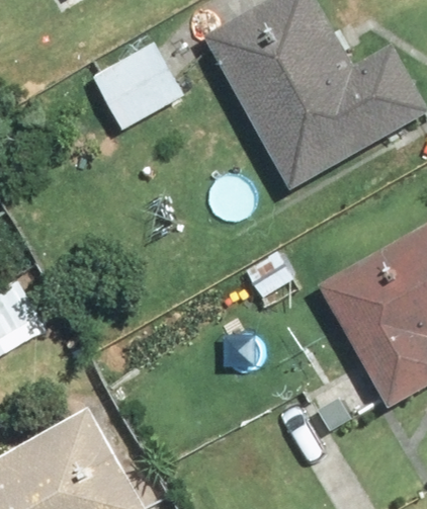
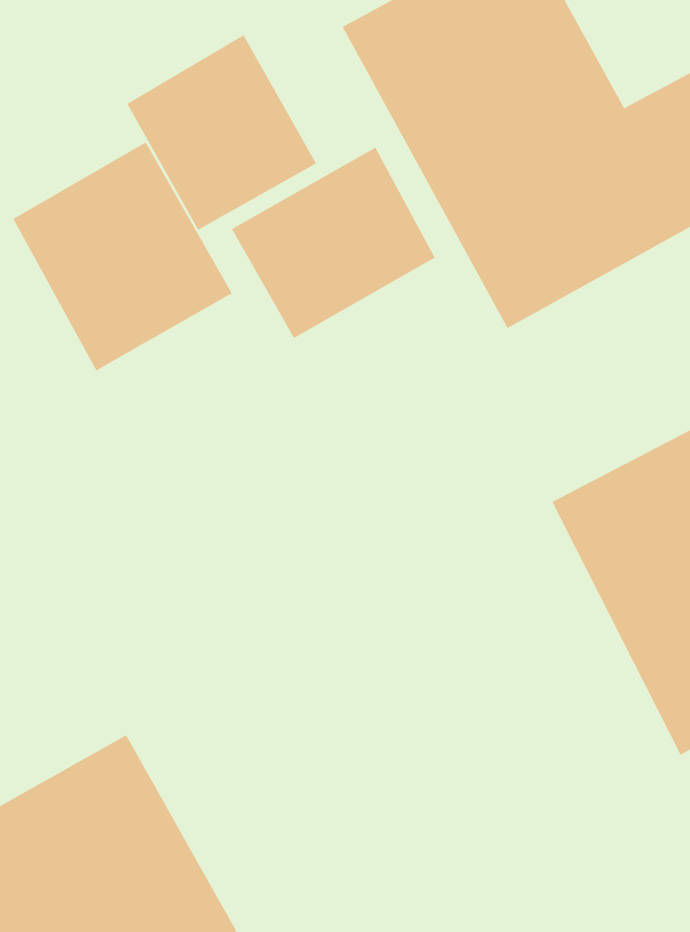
building: none -> [12,141,233,371]
building: none -> [231,147,435,339]

